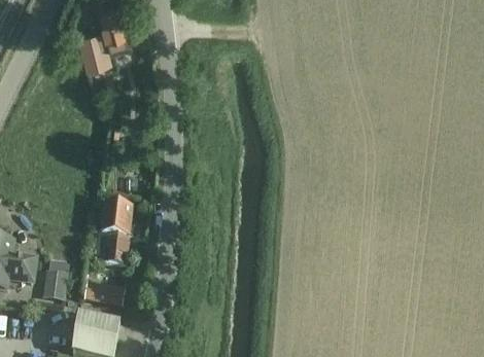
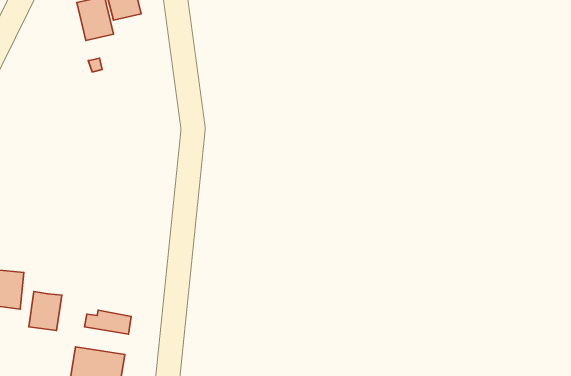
building: [94,199,134,260] -> none

